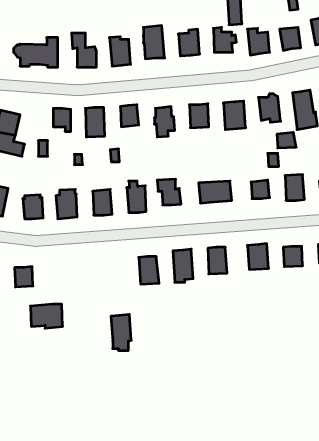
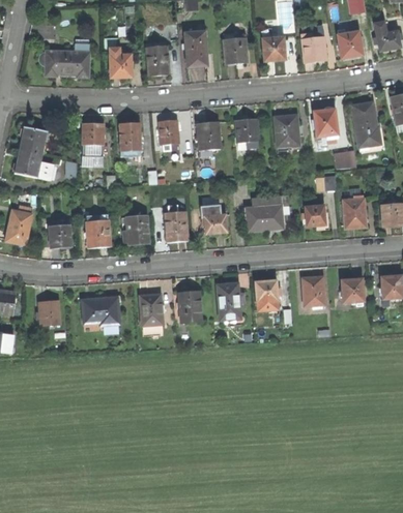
building: [30,304,63,328] -> [83,297,119,324]
building: [111,314,131,350] -> [140,293,163,333]

